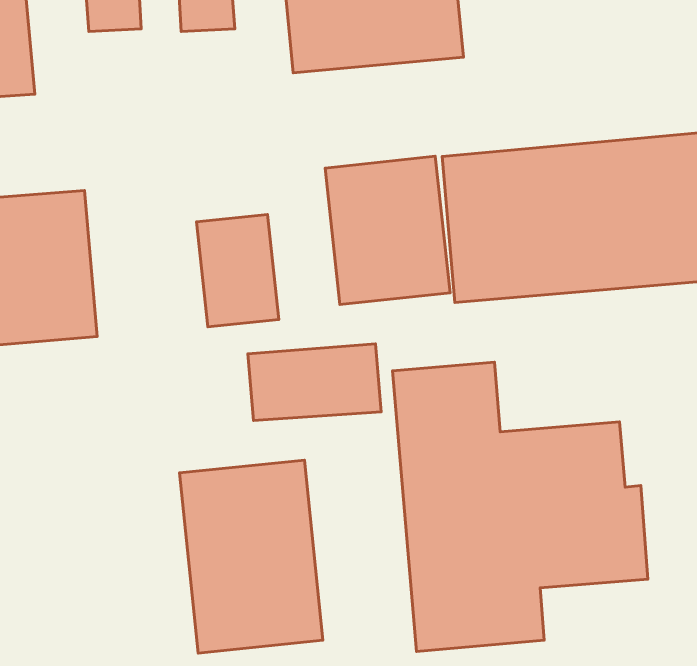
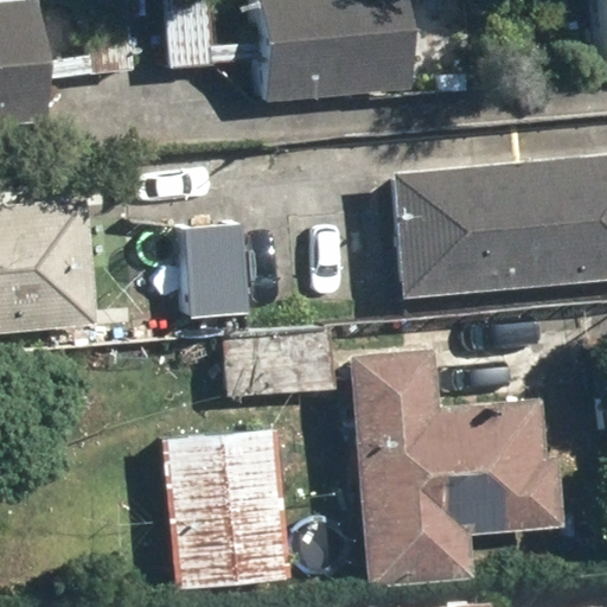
building: [325,156,450,305] -> none

